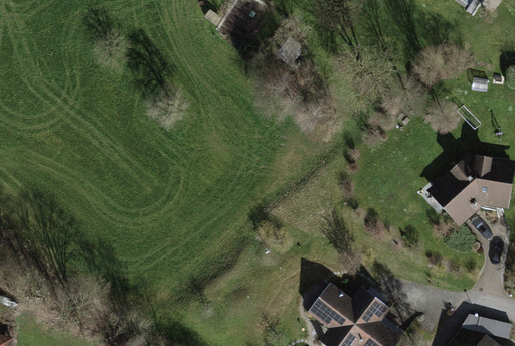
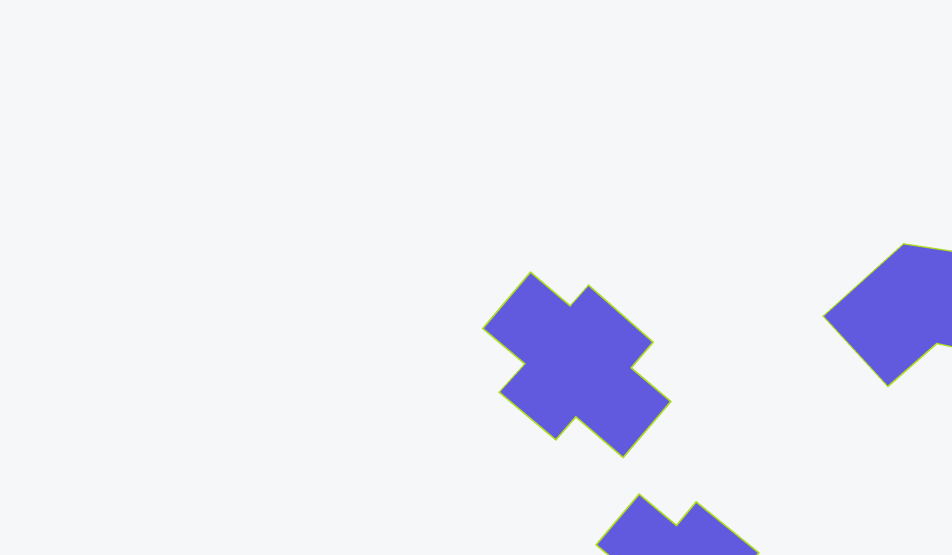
building: none -> [483,272,671,458]

